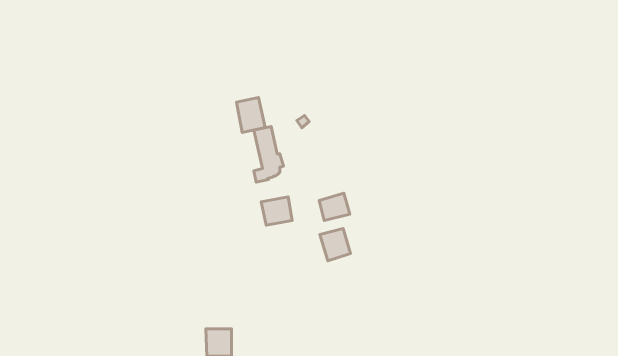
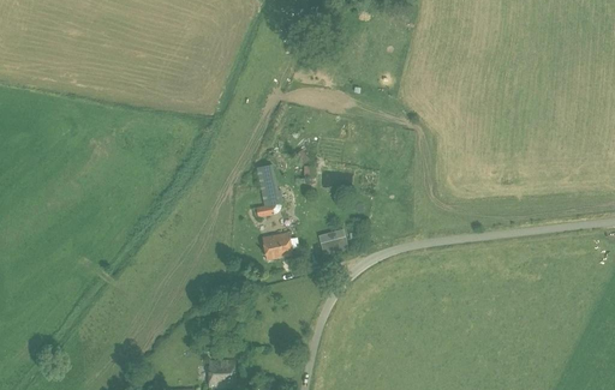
building: [236,98,265,133] -> none
building: [320,229,350,261] -> none

